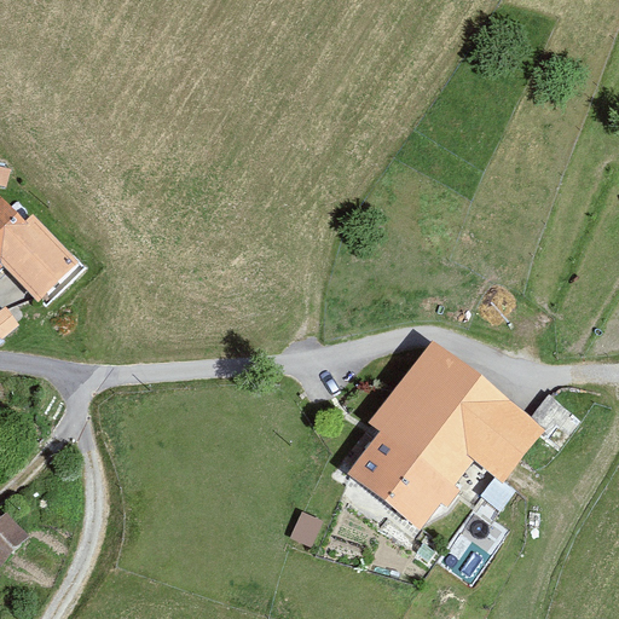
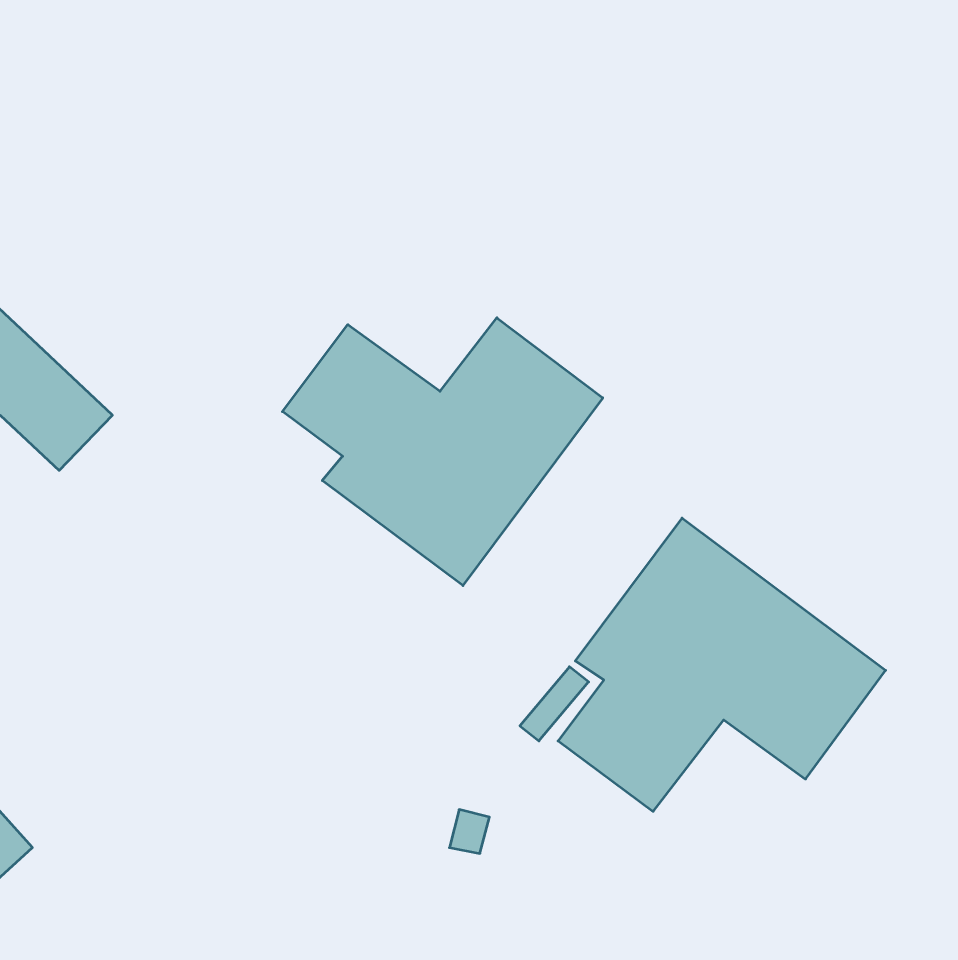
building: none -> [282,318,603,586]

